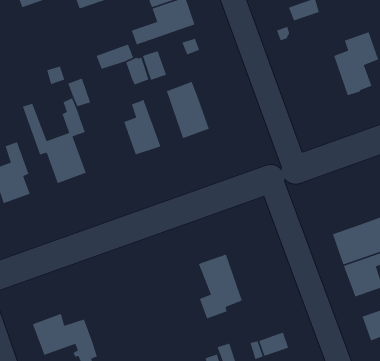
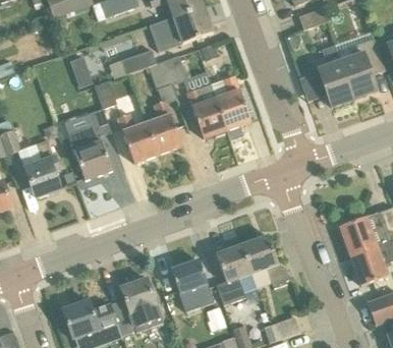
building: none -> [315,44,354,105]
building: none -> [216,75,249,128]
building: none -> [118,112,158,162]
building: none -> [242,234,290,287]
building: none -> [171,258,215,305]
building: none -> [111,277,164,336]

